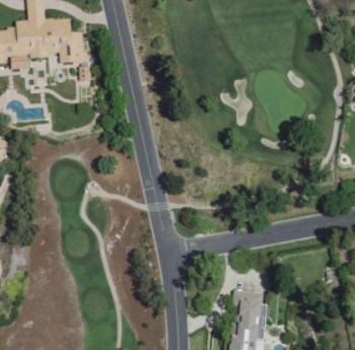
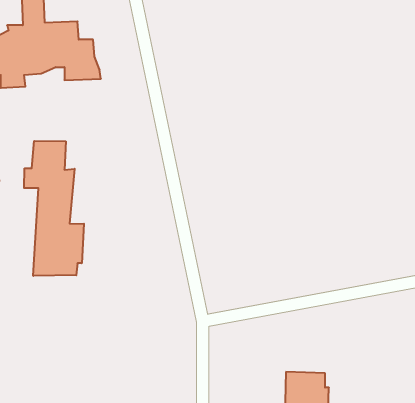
building: none -> [24,141,84,276]

